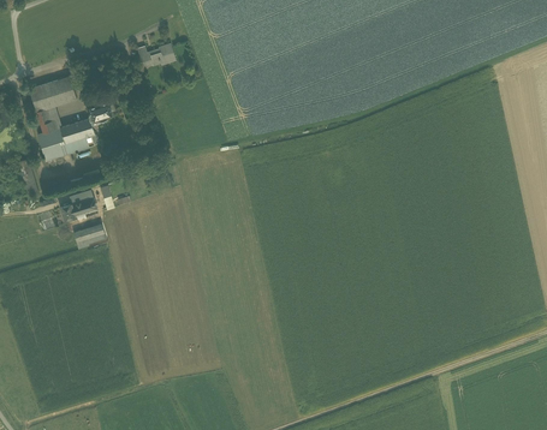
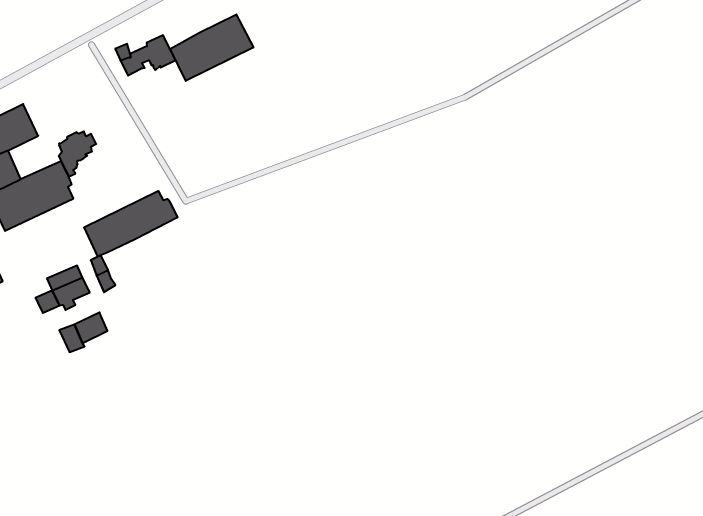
building: none -> [170,14,253,81]
building: none -> [84,191,177,257]

